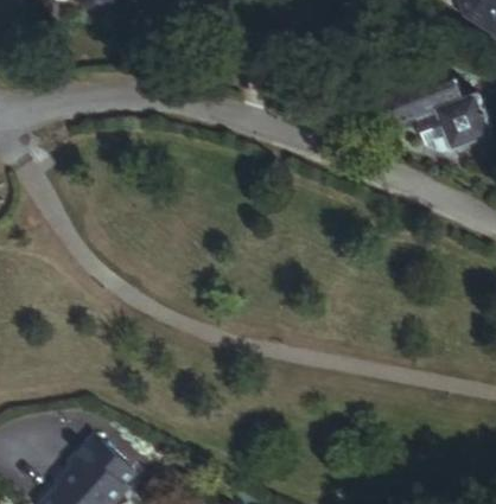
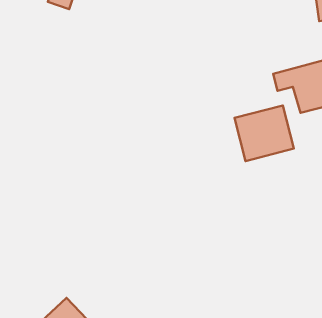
building: none -> [235,105,294,161]

